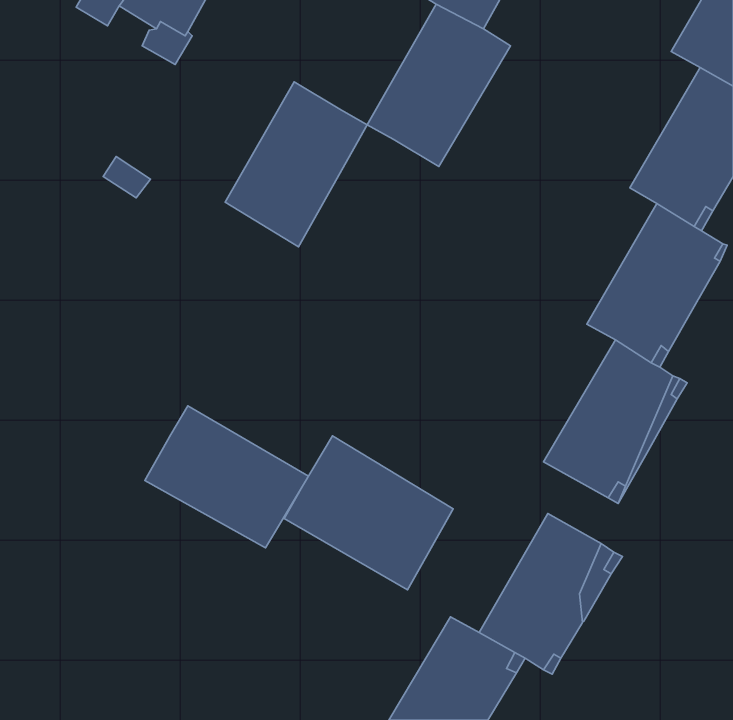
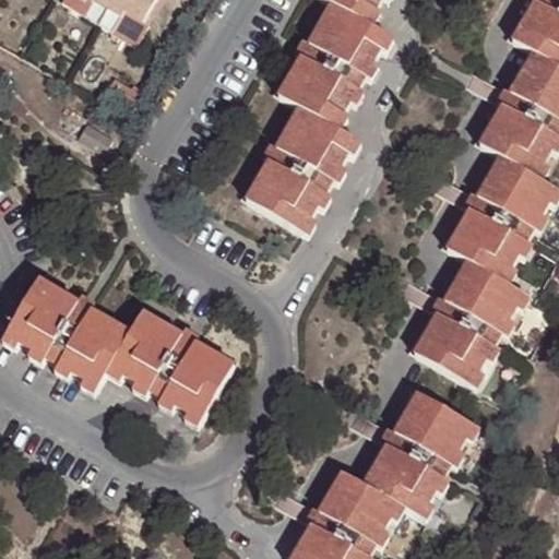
building: [225,82,367,247] -> [247,106,355,231]
building: none -> [7,277,130,386]
building: [284,436,453,590] -> none

